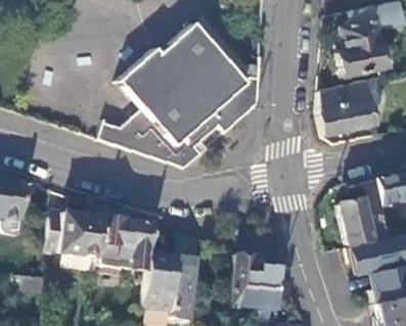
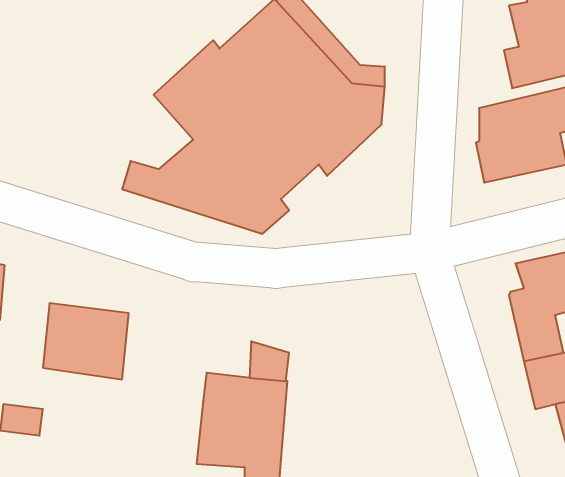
building: [99,206,154,271] -> none
building: [235,254,280,312] -> none

